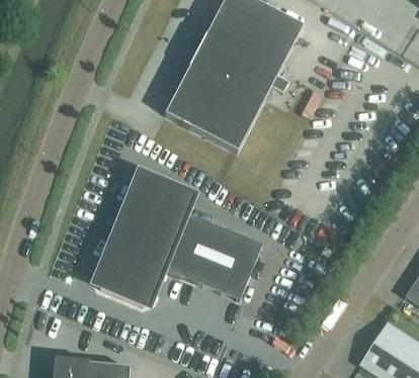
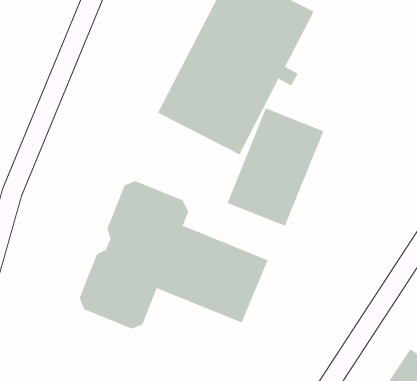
building: none -> [227,108,324,227]

